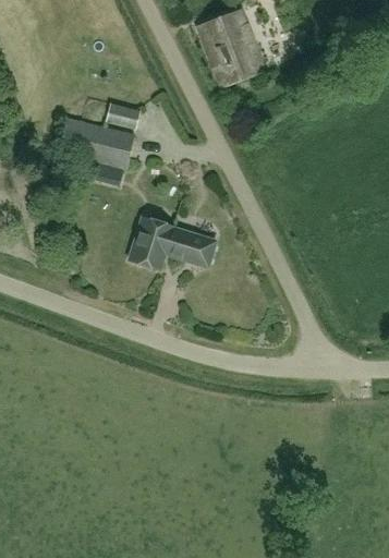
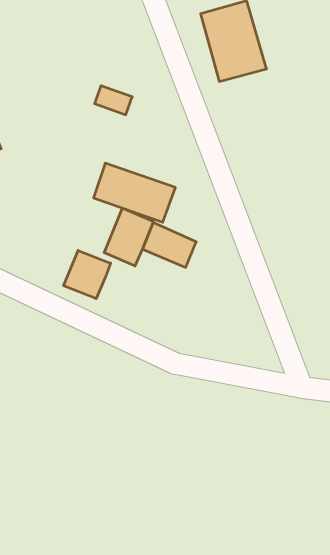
building: [60,118,136,168] -> [94,163,175,222]
building: none -> [64,250,111,299]

